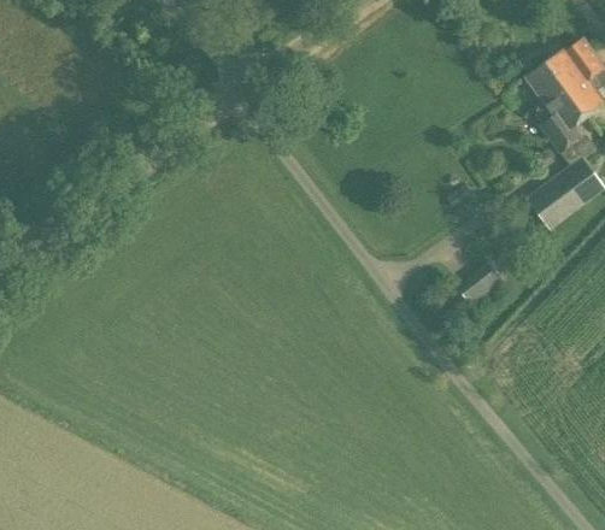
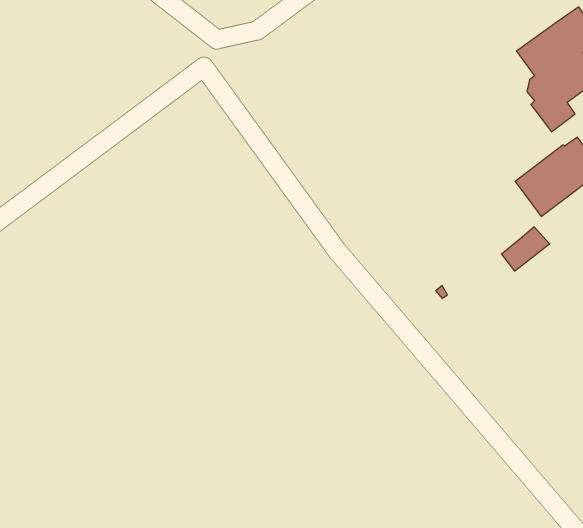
building: [459,265,504,306] -> [501,227,550,271]

